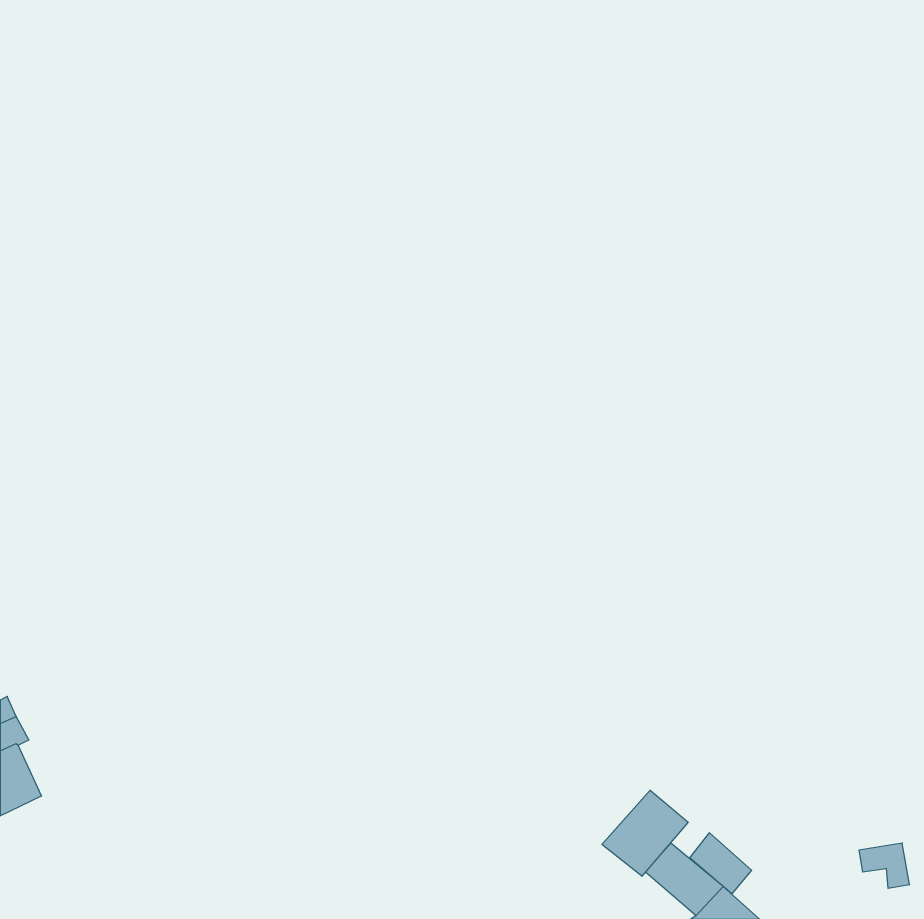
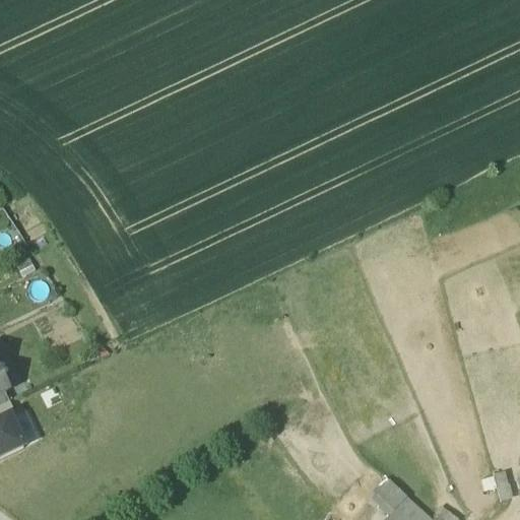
building: [602,790,688,876] -> none
building: [690,833,752,894] -> none

